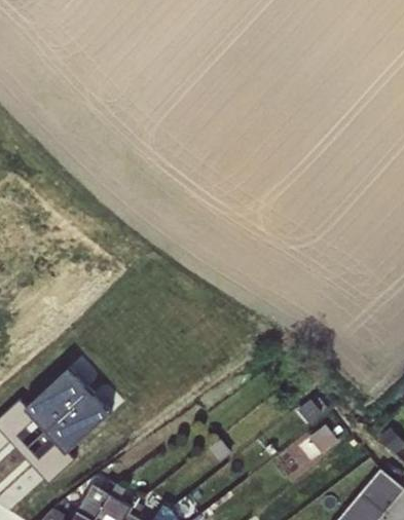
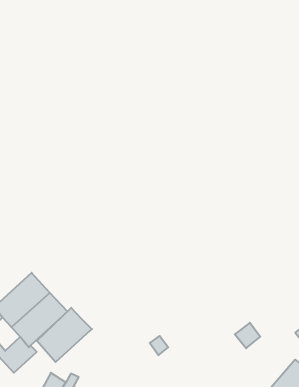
building: none -> [37,308,92,362]

